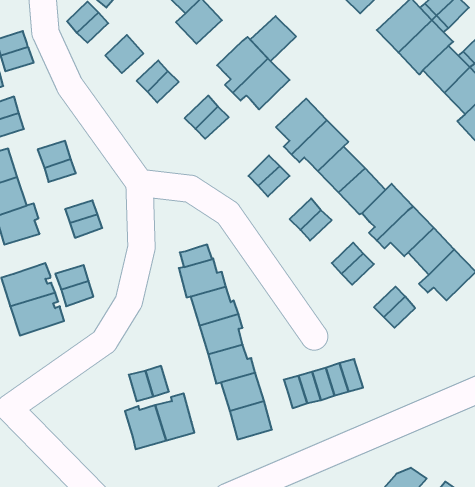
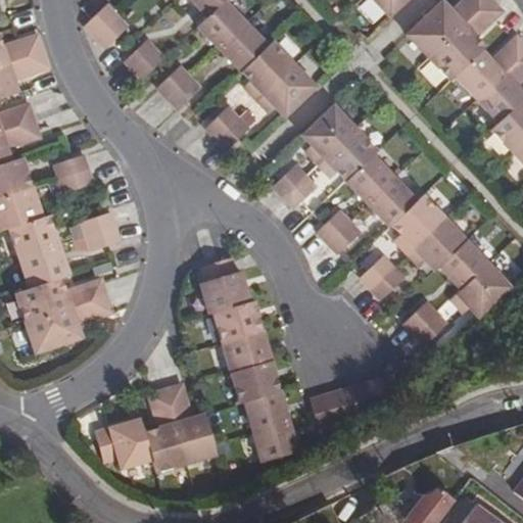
building: [250,16,296,61] -> [219,23,267,70]
building: none -> [18,246,68,288]
building: none -> [95,418,152,468]

